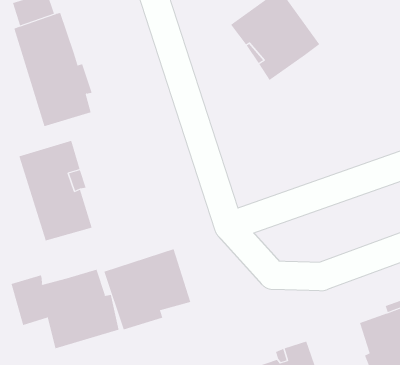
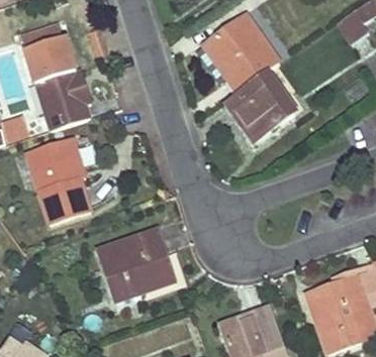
building: none -> [224,70,296,141]
building: [11,269,119,349] -> none

